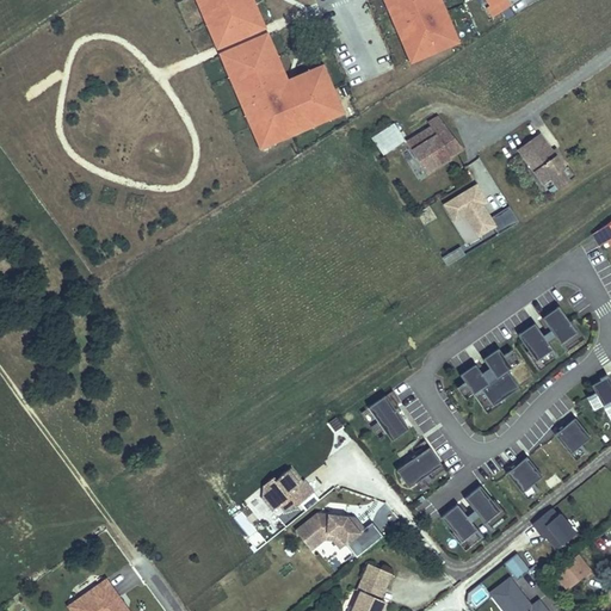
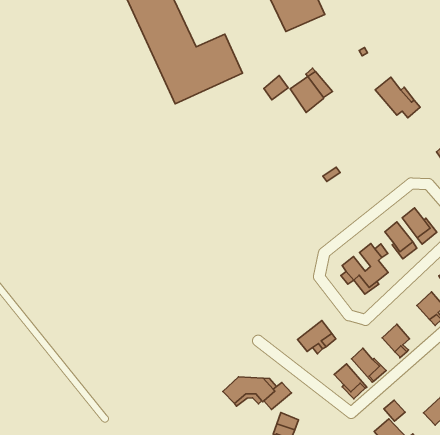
building: [443,183,519,237] -> none
building: [368,394,409,439] -> none
building: [263,467,314,510] -> none
building: [530,508,574,553] -> none

